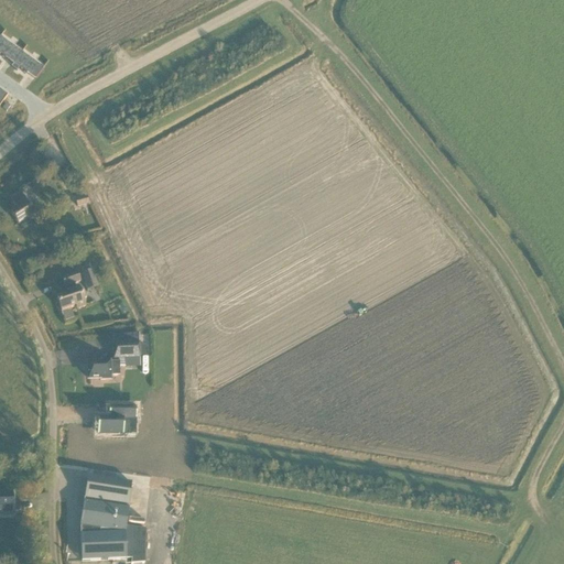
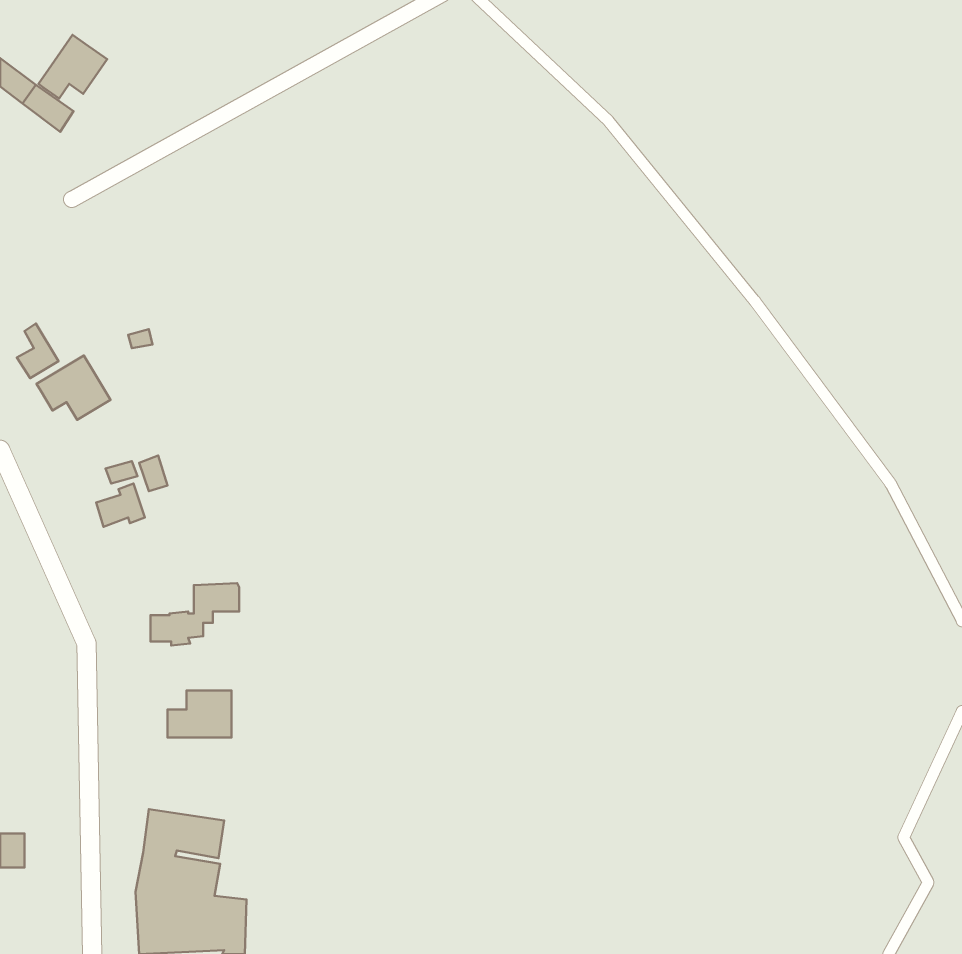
building: none -> [38,35,107,98]
building: none -> [37,355,111,420]

